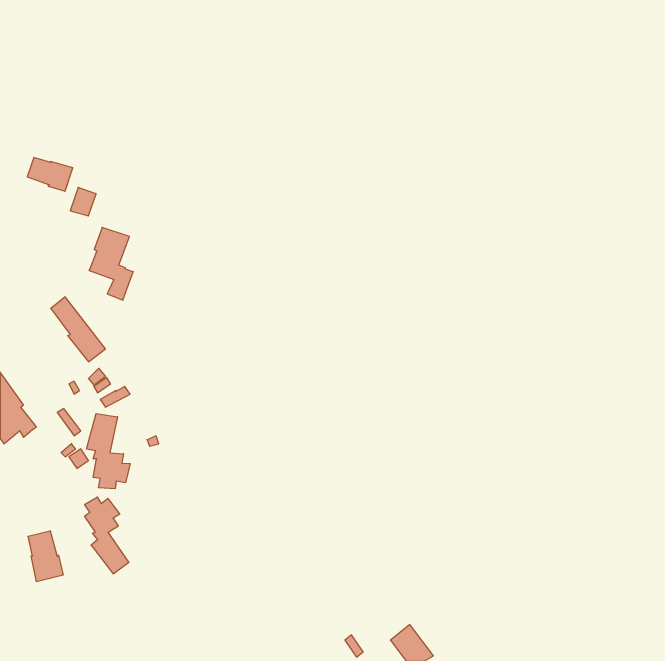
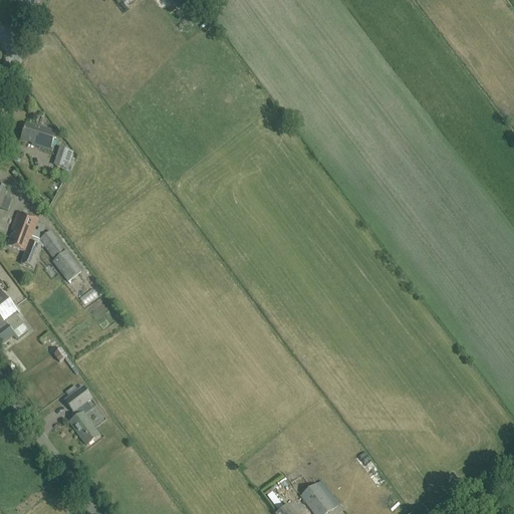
building: [89,227,133,300] -> [7,210,41,266]
building: [87,414,130,489] -> none
building: [28,531,63,582] -> none

